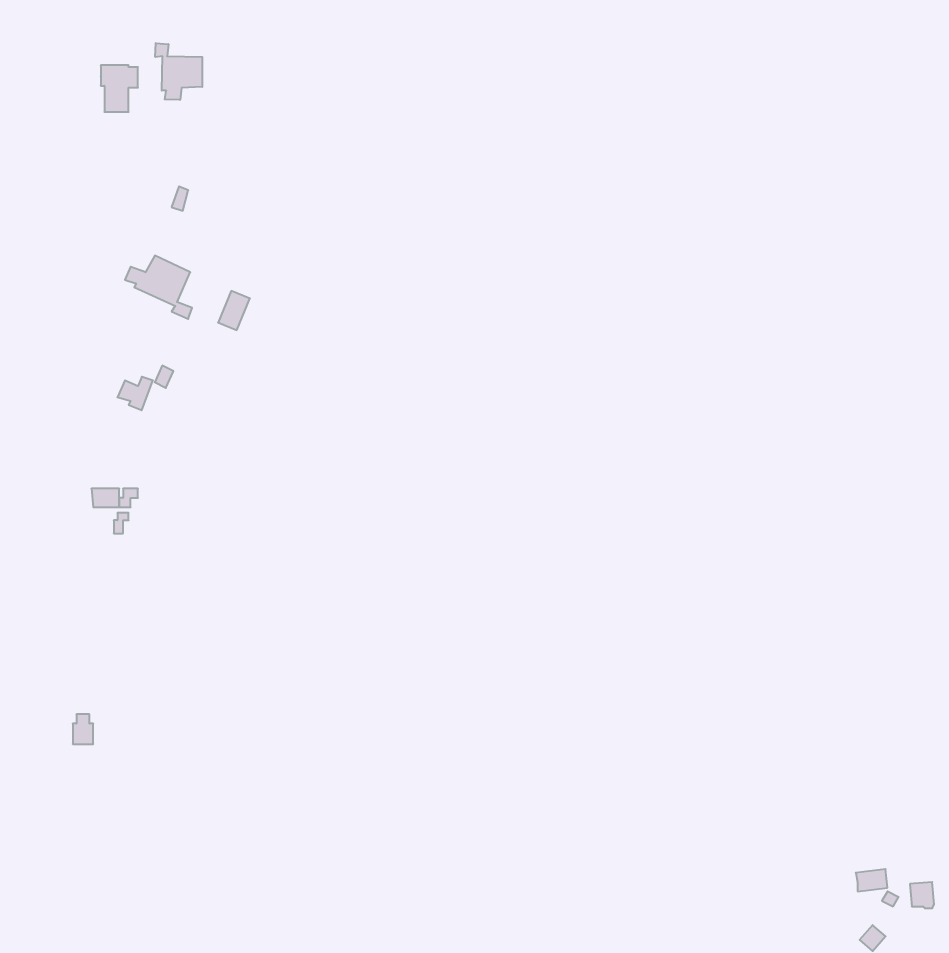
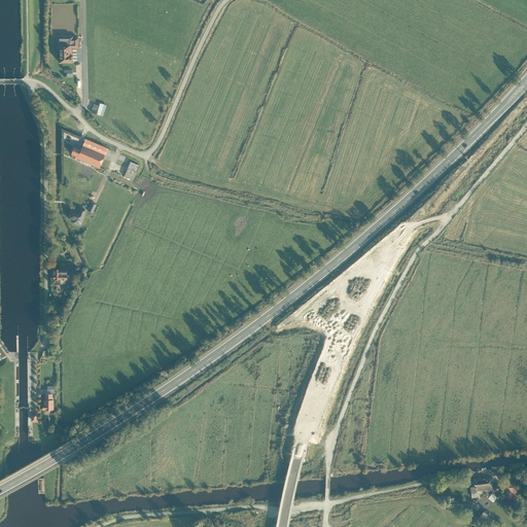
building: [155,43,202,100] -> none

